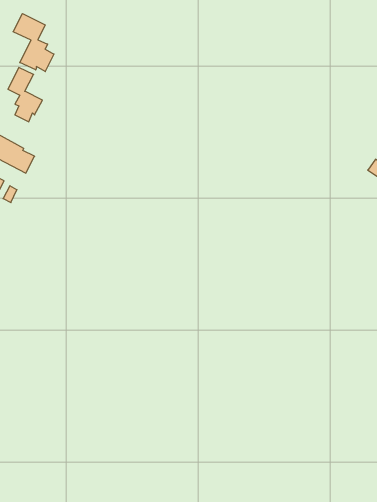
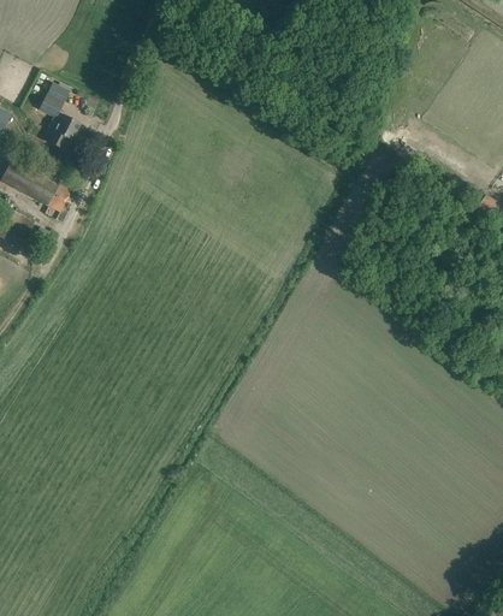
building: [13,14,54,72] -> none

